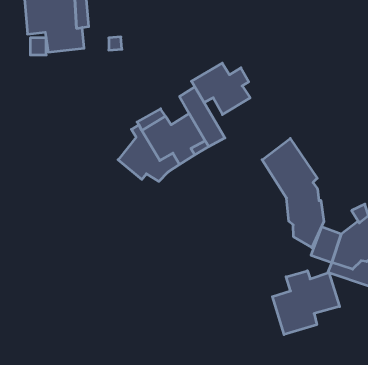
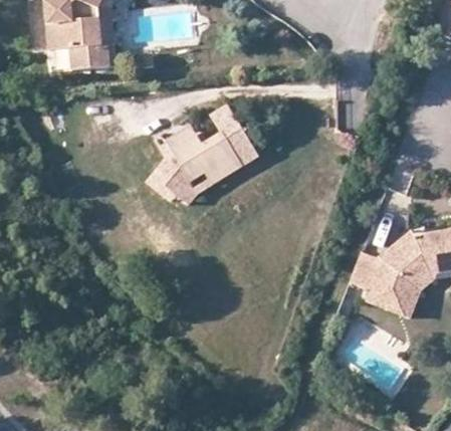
building: [191,63,250,115] -> none
building: [262,138,324,248] -> none
building: [272,271,340,335] -> none

